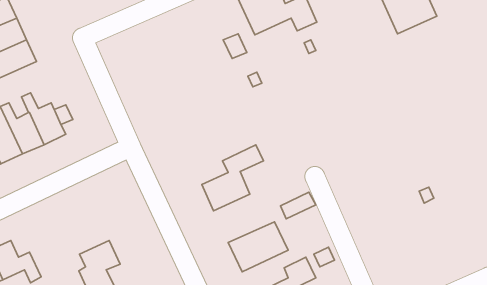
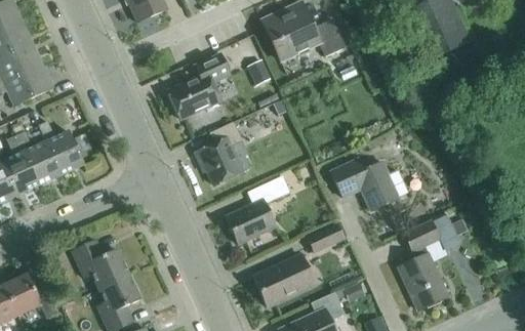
building: none -> [167,52,230,118]
building: none -> [195,121,250,184]
building: none -> [330,158,406,210]
building: none -> [403,219,439,251]
building: none -> [71,239,128,288]
building: none -> [398,252,447,309]

